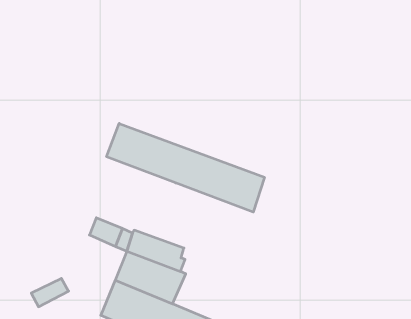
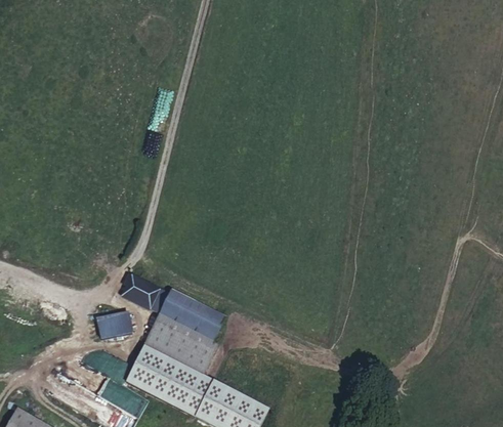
building: [107,123,264,212] -> none
building: [31,278,69,307] -> [100,310,140,338]

